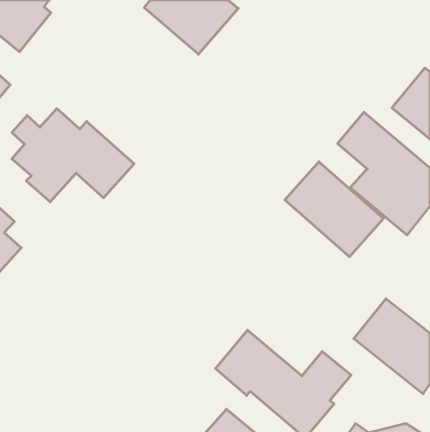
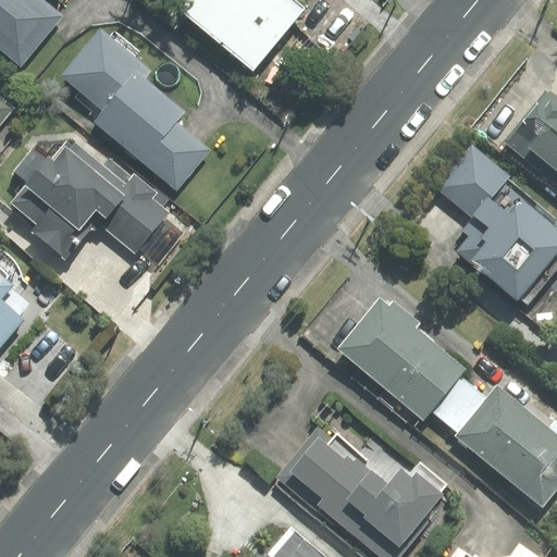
building: none -> [64,32,209,193]
building: [285,162,383,257] -> [339,297,466,419]

